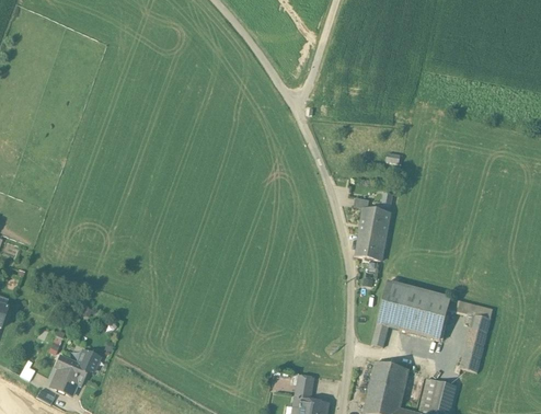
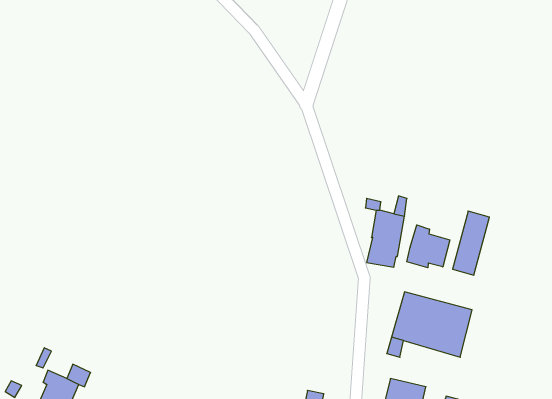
building: none -> [407,225,450,268]
building: [458,313,492,372] -> [453,211,489,275]

